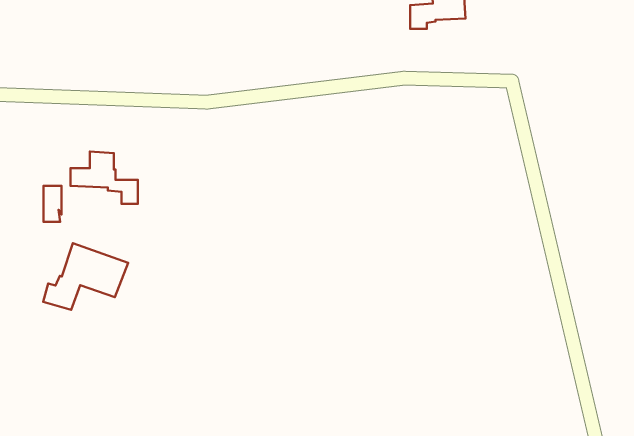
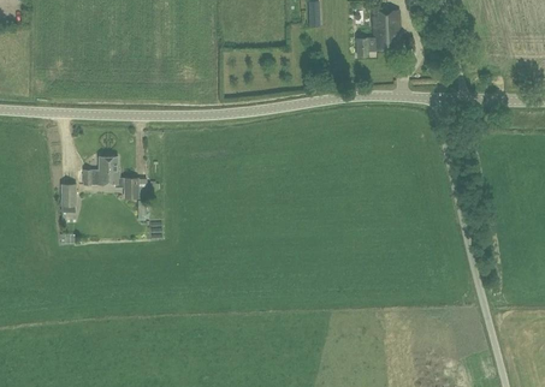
building: [43,243,128,310] -> none

